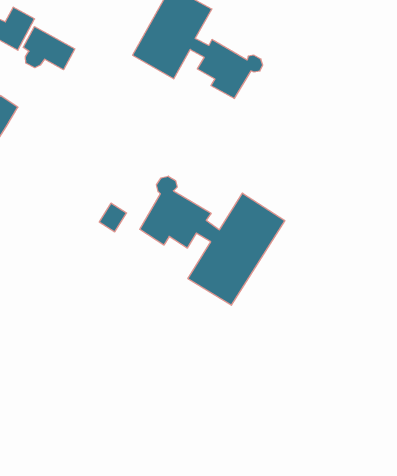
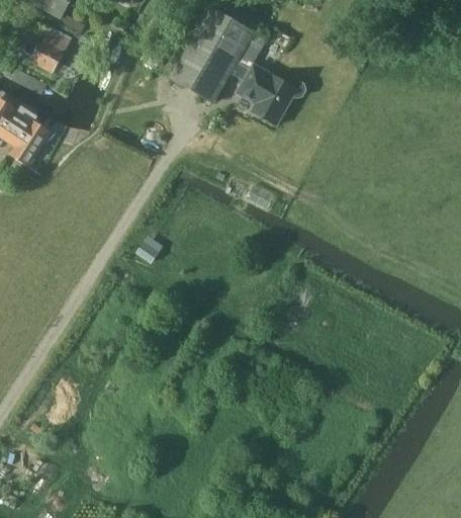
building: [23,27,75,70] -> none
building: [140,176,285,305] -> none

